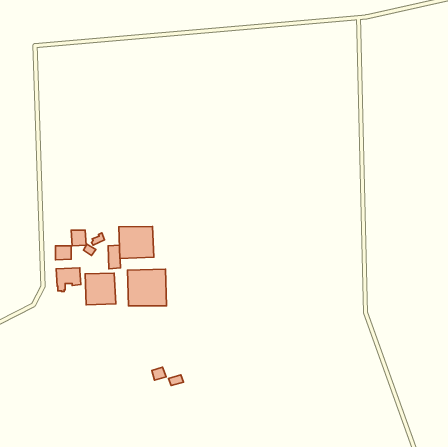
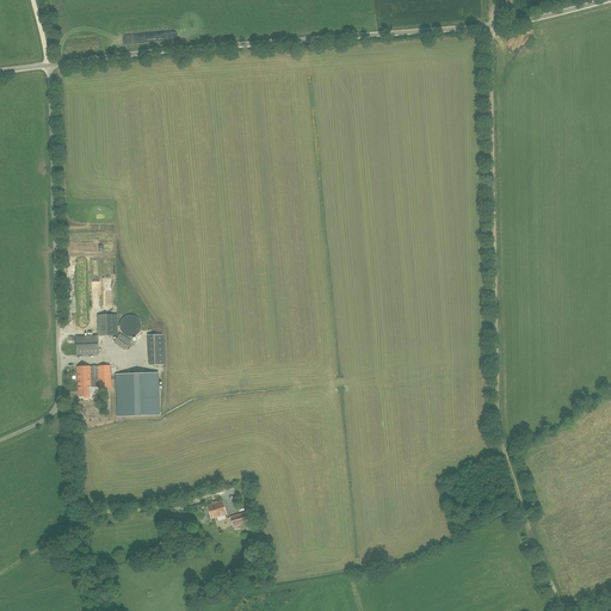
building: [119,227,154,259] -> none
building: [128,269,167,306] -> none

